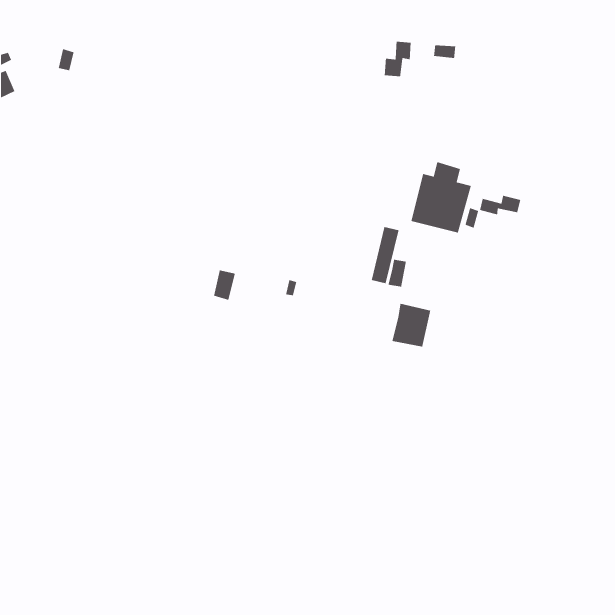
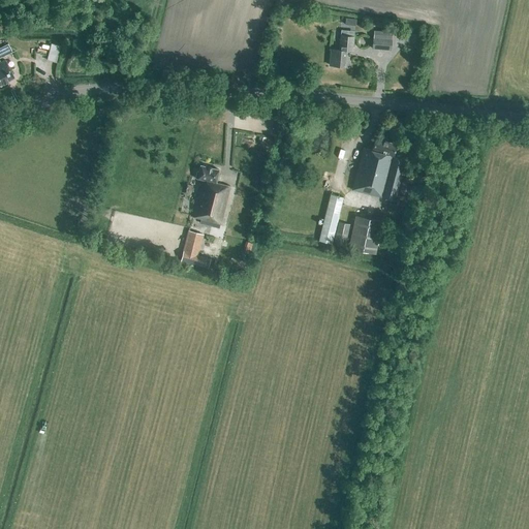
building: none -> [192,165,229,228]
building: [479,195,521,215] -> none
building: [391,303,431,348] -> [348,215,382,253]

